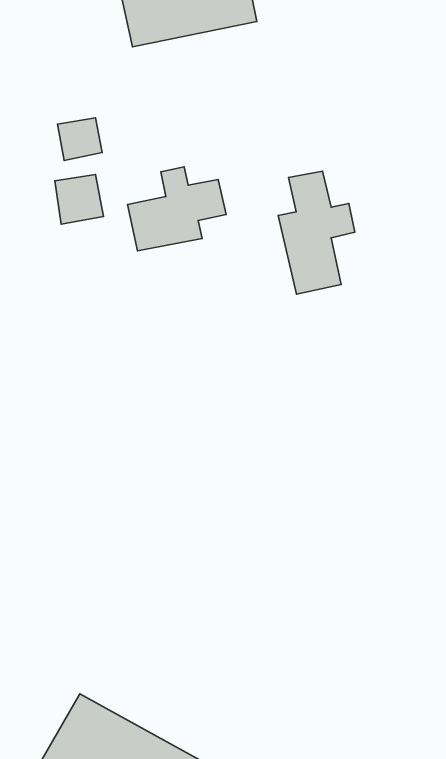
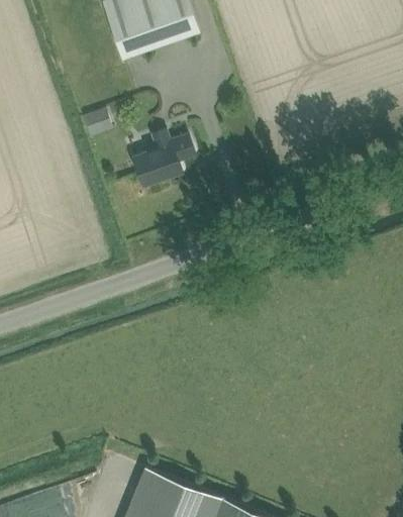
building: [278,171,355,294] -> none
building: [55,174,103,224] -> none

